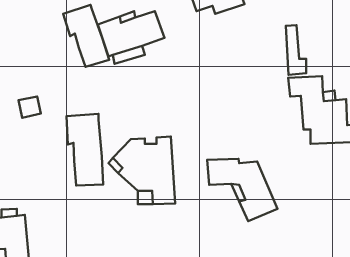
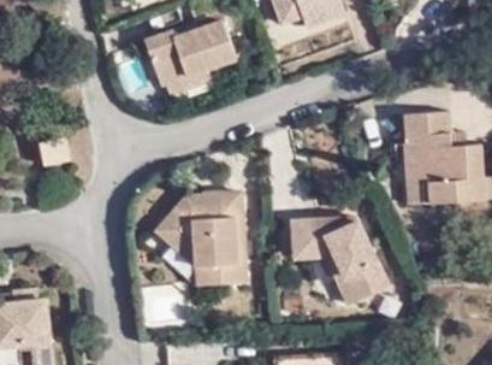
building: [63,5,109,67] -> none
building: [286,25,306,75] -> [405,137,433,205]
building: [66,114,103,185] -> none

